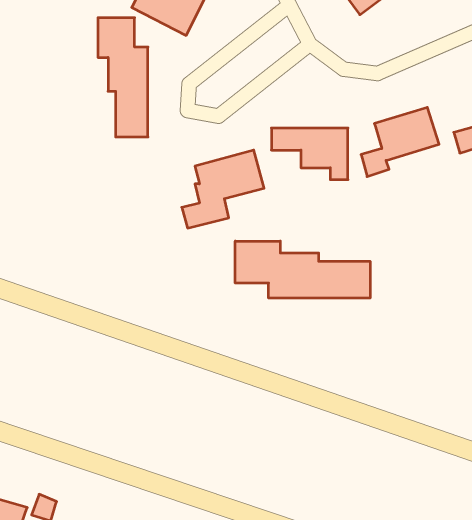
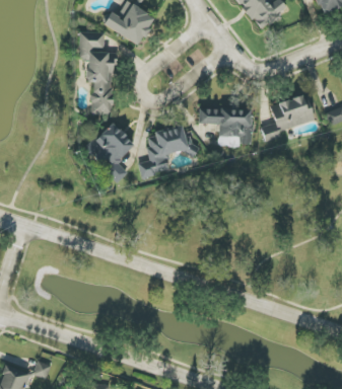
building: none -> [86,122,135,183]
building: [235,241,370,298] -> none

